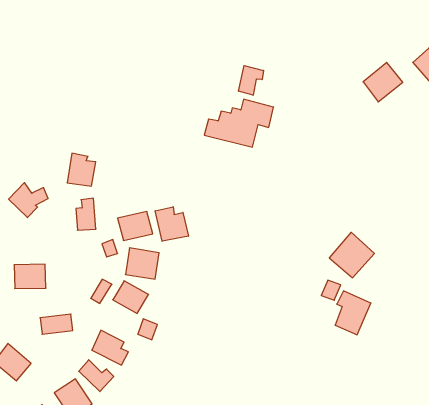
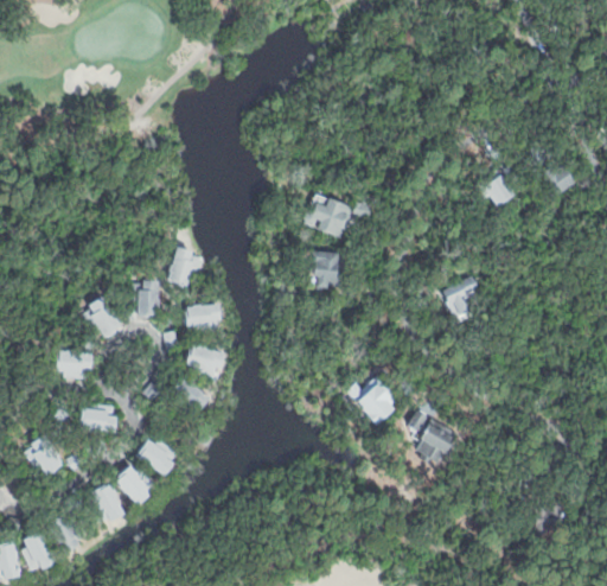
building: [239,66,264,95] -> none
building: none -> [311,249,345,292]
building: [67,153,96,186] -> [166,246,202,286]
building: none -> [437,273,483,324]
building: [9,183,48,218] -> [88,298,133,338]
building: [155,207,188,241] -> none
building: [329,232,374,278] -> [351,372,403,425]

